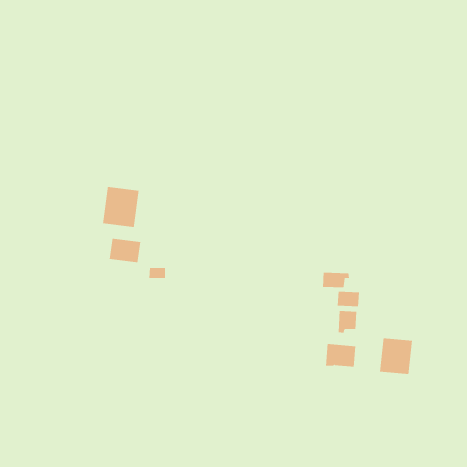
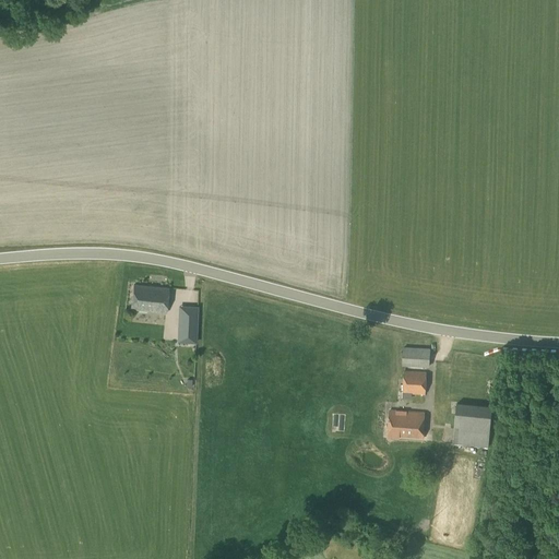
building: [102,186,139,228] -> none
building: [322,272,349,288] -> none

